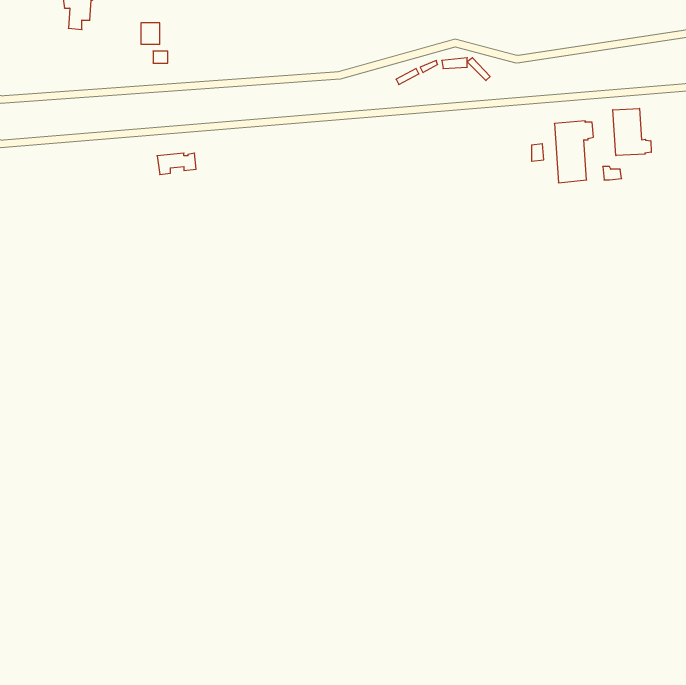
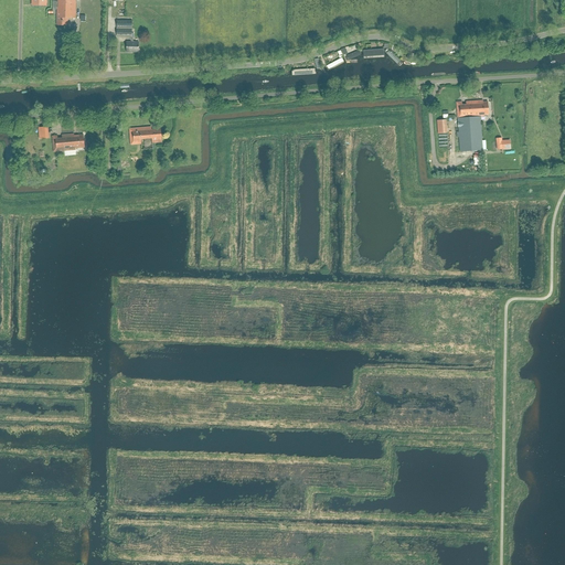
building: [613,108,651,156] -> none
building: none -> [52,132,84,150]

